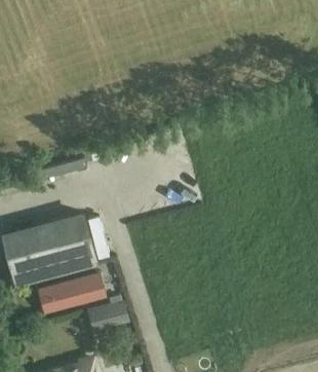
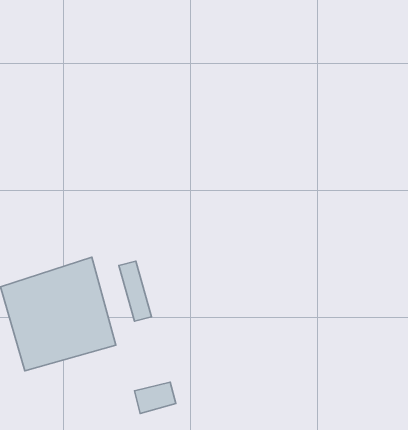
building: [40,276,107,317] -> none

